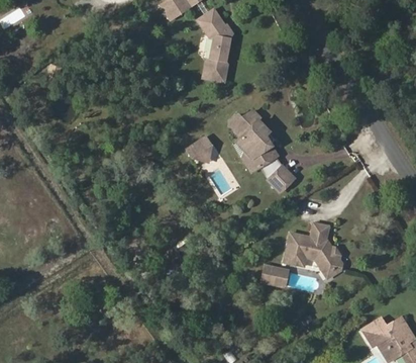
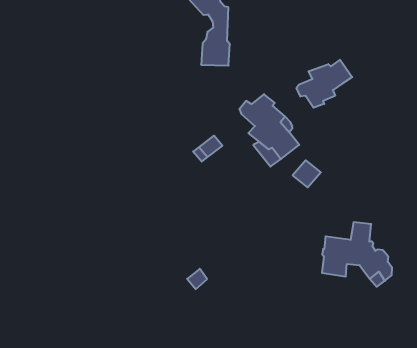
building: none -> [297,60,352,108]
building: [261,264,288,286] -> none

